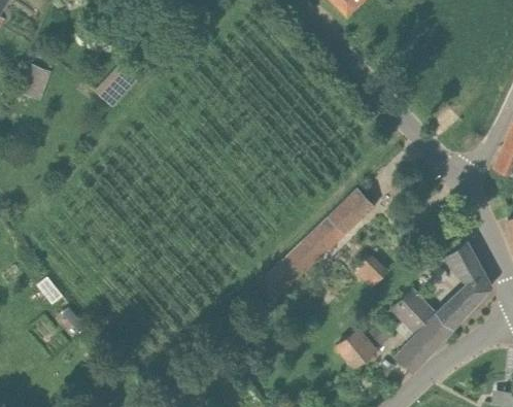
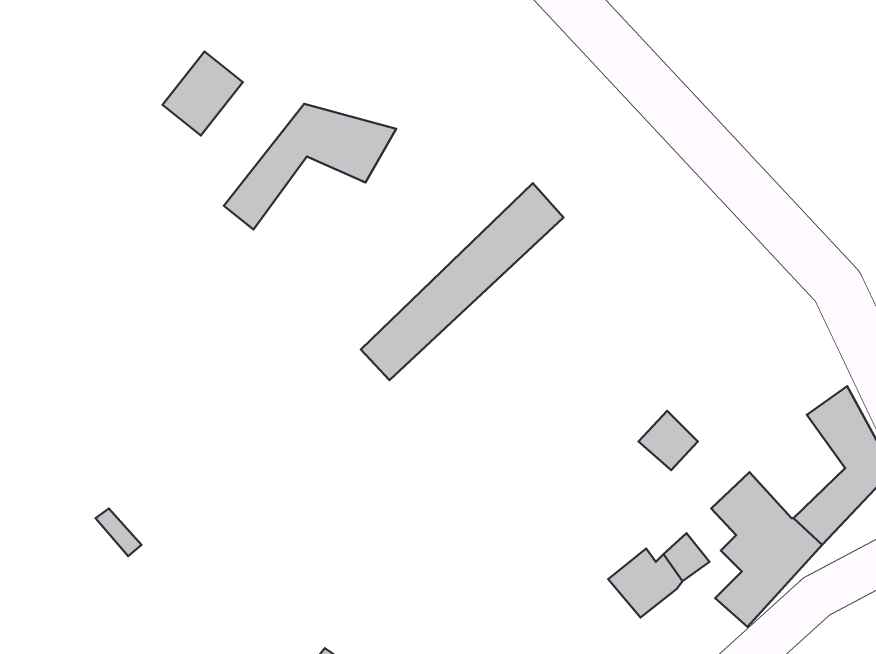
building: [23,63,54,100] -> none
building: none -> [224,104,396,230]
building: [263,190,372,296] -> [361,183,564,380]

